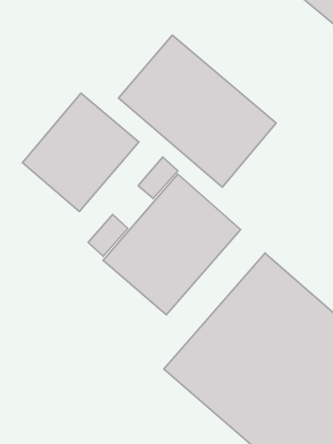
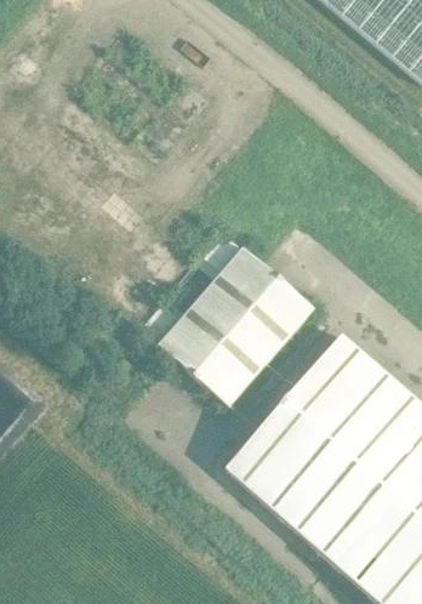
building: [119,35,276,187] -> none
building: [22,93,139,211] -> none

